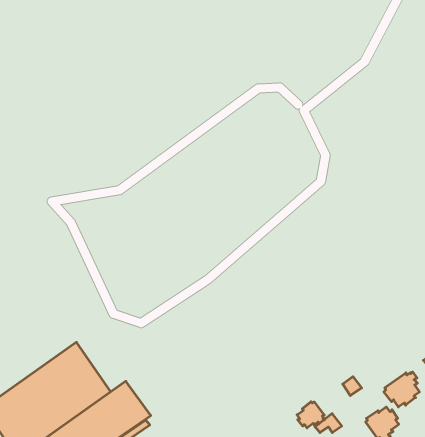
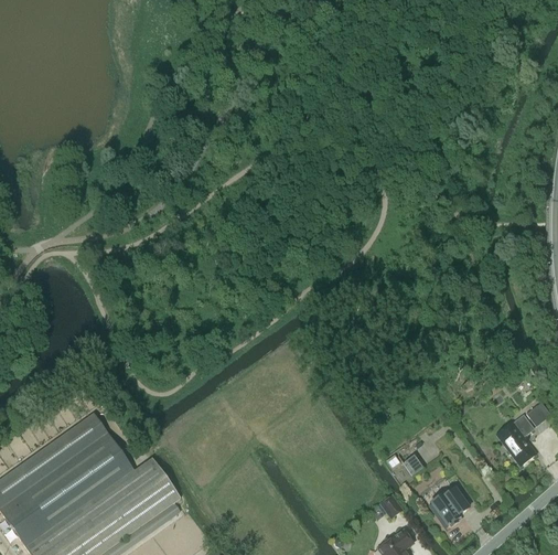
building: [384,372,419,407] -> none
building: [297,402,324,428] -> none

